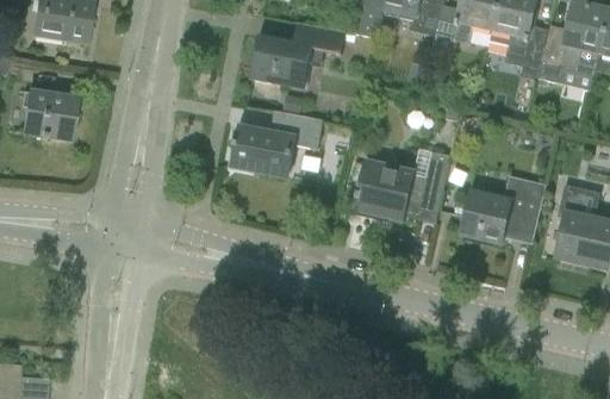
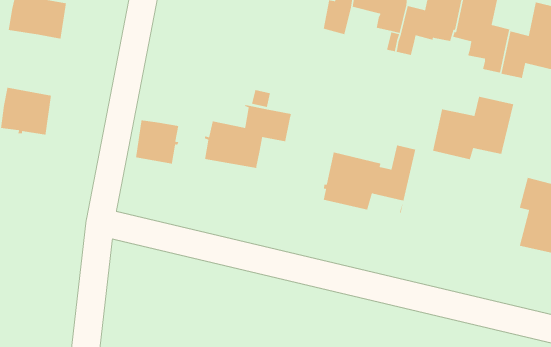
building: [250,23,347,88] -> none
building: none -> [135,119,180,165]
building: [463,176,548,243] -> [432,96,514,160]

